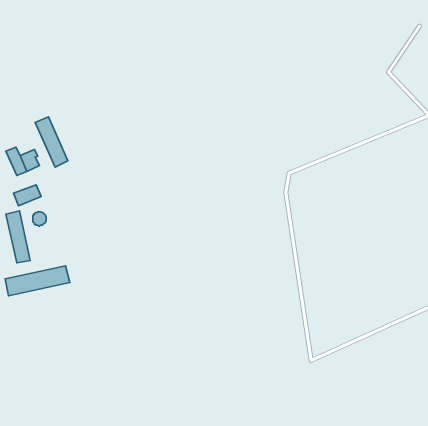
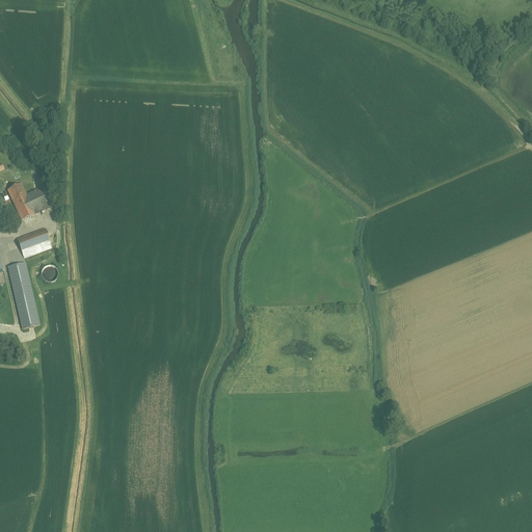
building: [35,117,68,167] -> none
building: [5,266,70,296] -> none

